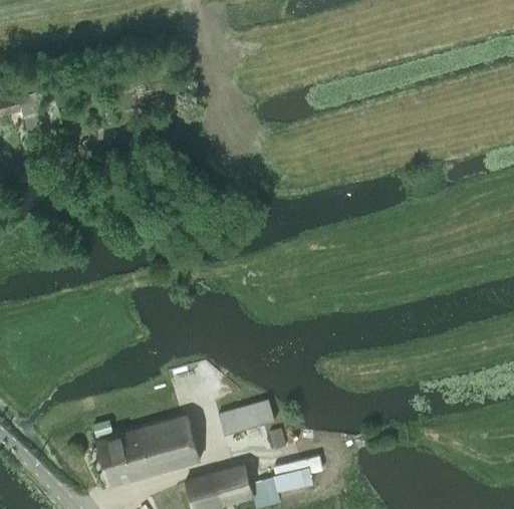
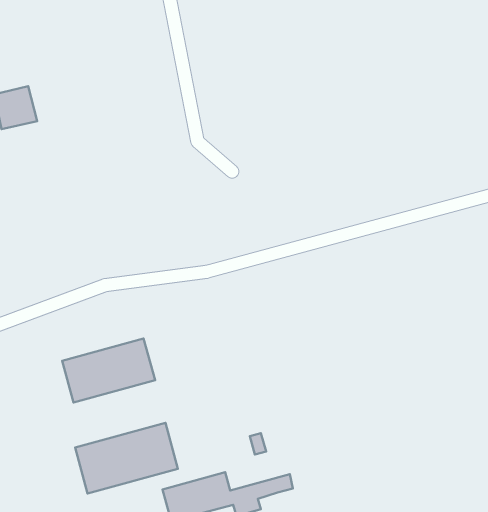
building: none -> [62,339,155,402]
building: [216,400,272,435] -> none

